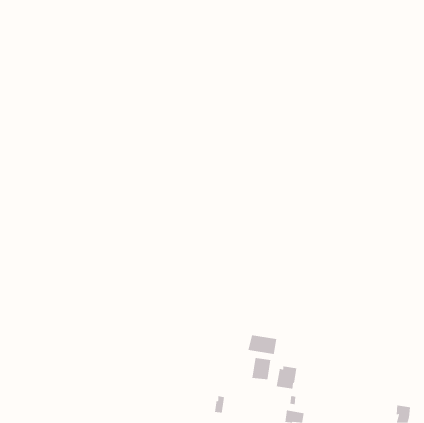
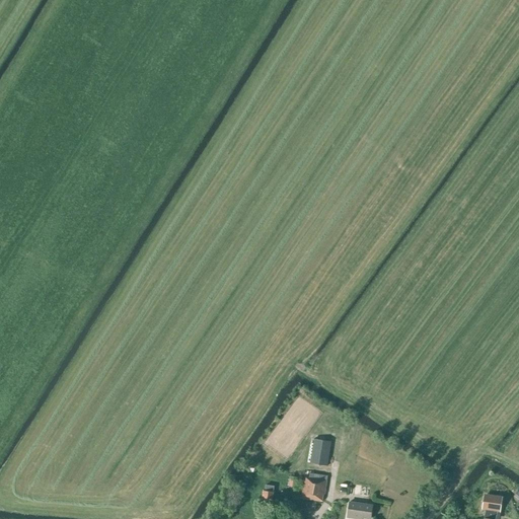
building: [248,335,277,355] -> none
building: [276,366,297,389] -> [301,472,327,501]

